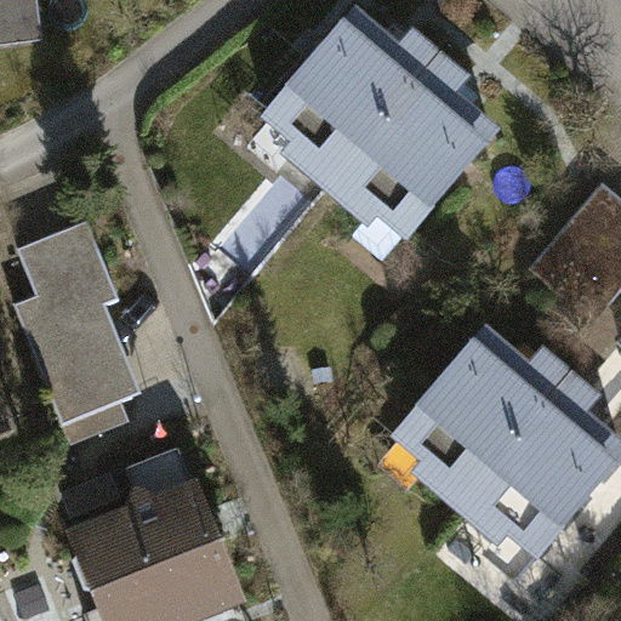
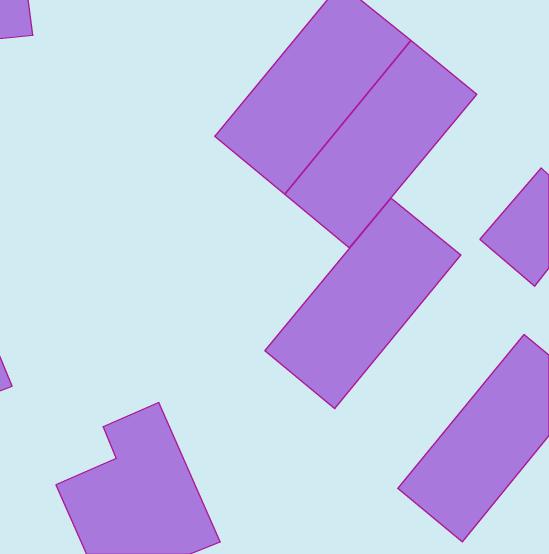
building: [12,216,136,416] -> none
building: [363,307,580,540] -> [265,198,461,409]

